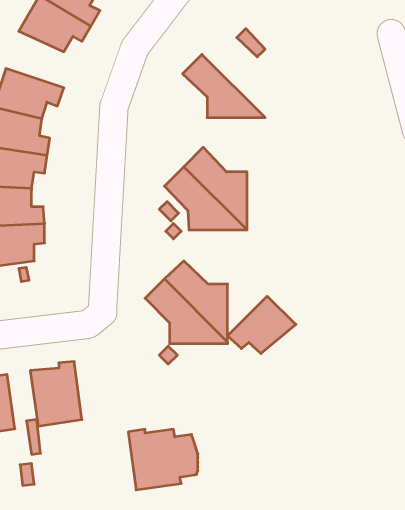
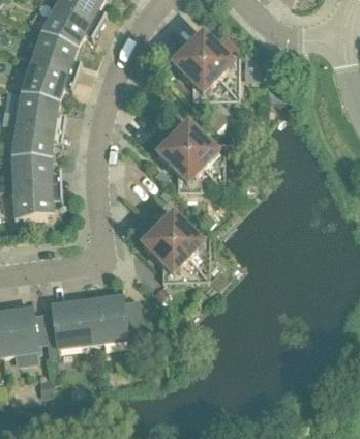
building: none -> [30,30,81,76]
building: none -> [187,33,238,99]
building: [228,296,296,354] -> none
building: [128,429,198,490] -> [85,293,141,342]

